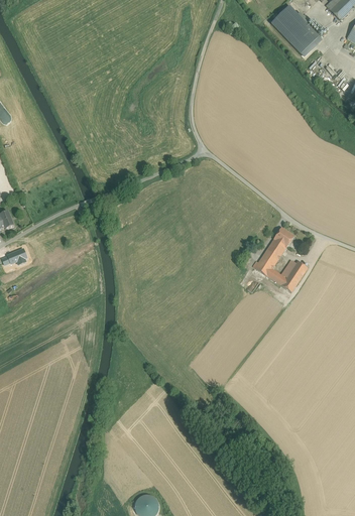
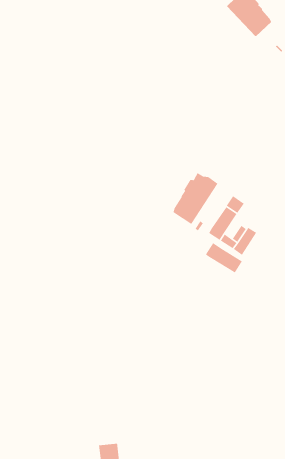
building: none -> [172,172,219,225]
building: none -> [205,242,243,273]

